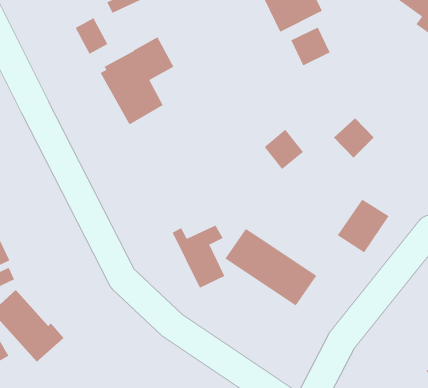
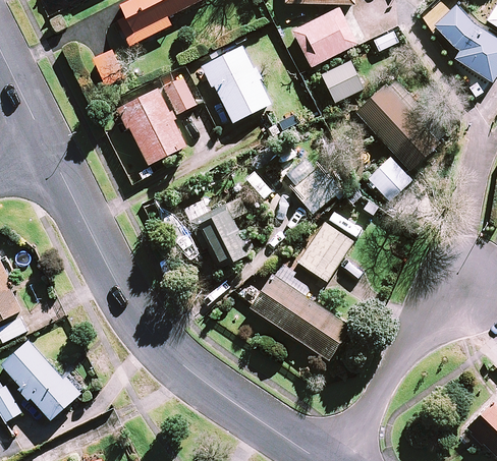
building: none -> [203,45,270,122]
building: none -> [354,83,437,170]
building: [337,199,389,253] -> [296,222,352,280]
building: [172,225,225,289] -> [191,197,248,266]

